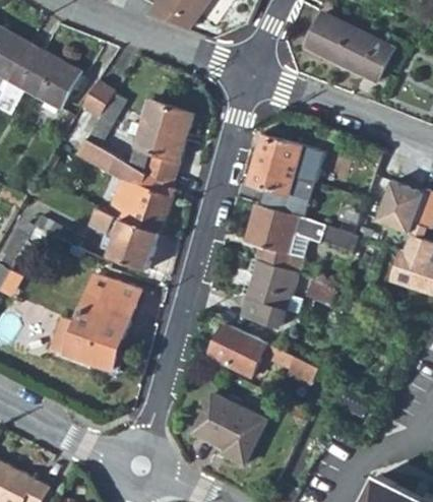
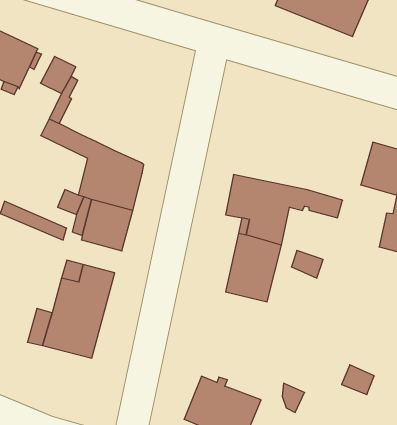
building: [128,99,192,186] -> none
building: [250,134,328,223] -> none
building: [209,323,315,385] -> none

